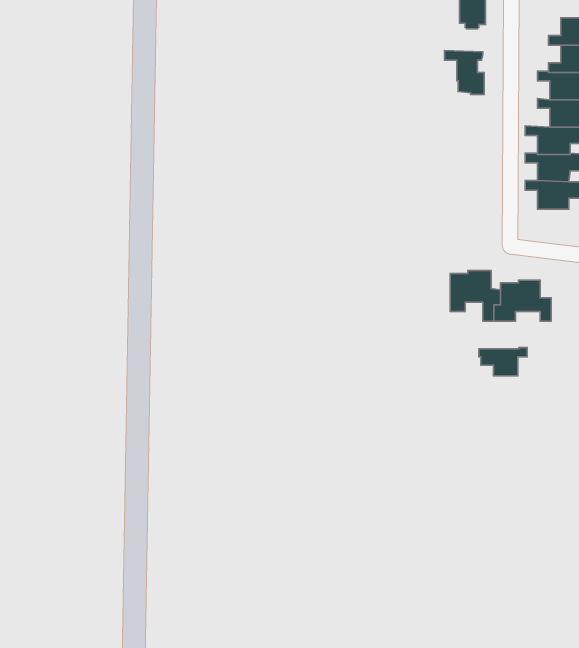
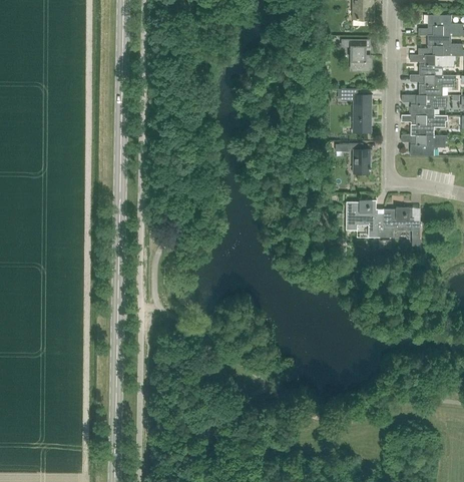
building: none -> [341,88,371,132]
building: none -> [349,143,370,173]
building: [479,347,527,376] -> none

